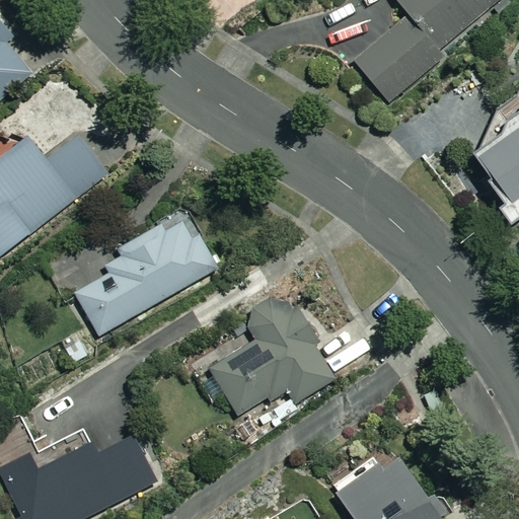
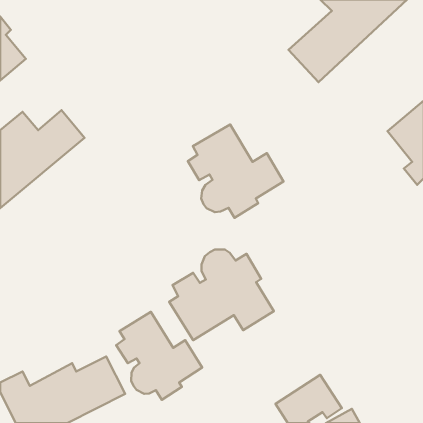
building: none -> [188,125,284,218]
building: [75,218,216,336] -> none
building: none -> [116,312,202,400]

